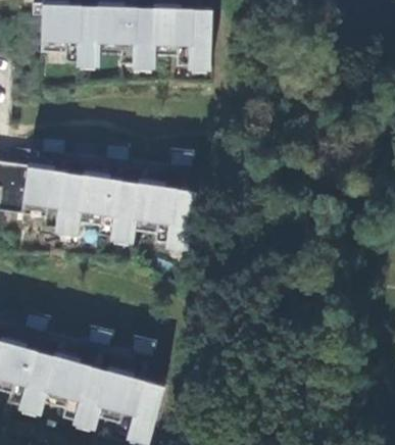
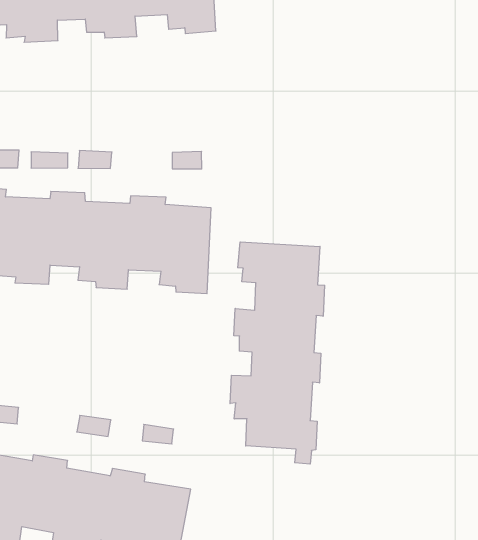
building: none -> [230,242,325,464]

